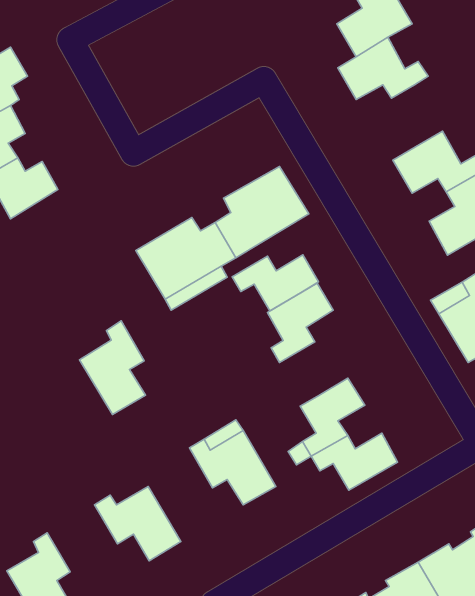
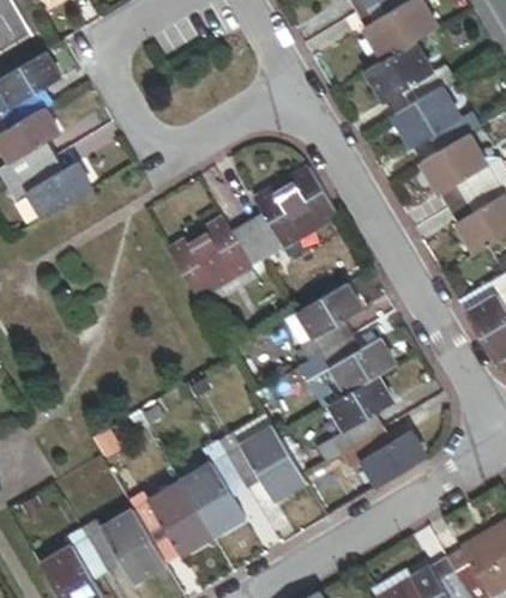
building: none -> [392,87,481,147]
building: [232,255,319,311] -> [308,339,393,394]
building: [80,321,145,414] -> [179,445,243,537]
building: none -> [79,511,164,584]

